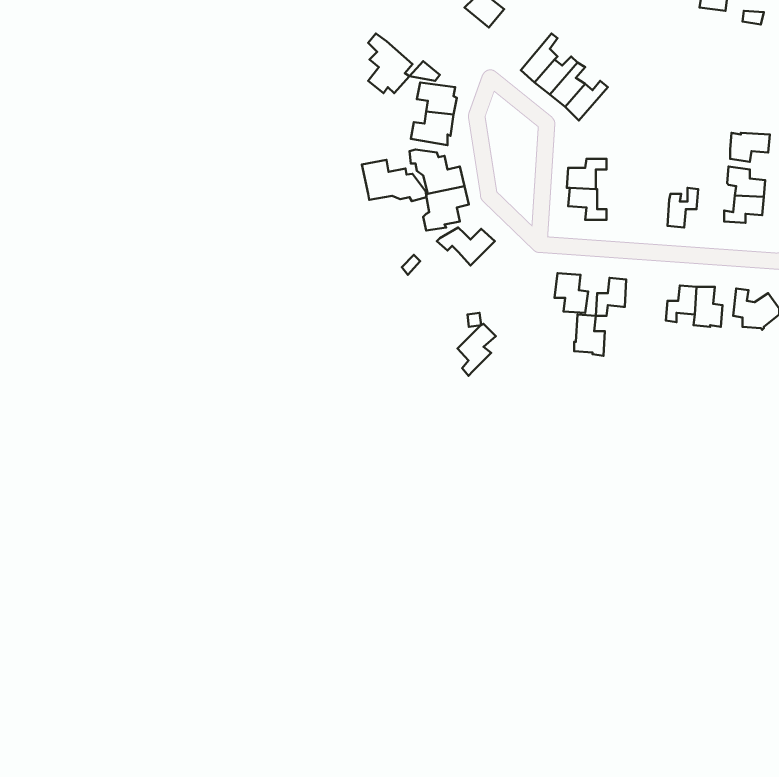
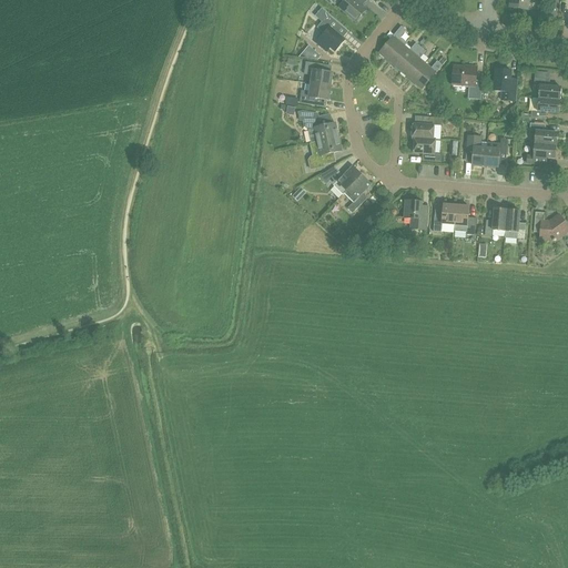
building: [368,34,412,93] -> [315,7,347,50]
building: none -> [452,64,481,98]
building: none -> [493,67,517,100]
building: none -> [532,70,560,98]
building: [362,160,426,201] -> none
building: none -> [466,134,487,164]
building: [574,314,605,356] -> [453,203,475,233]
building: [458,324,496,376] -> [343,174,371,212]

